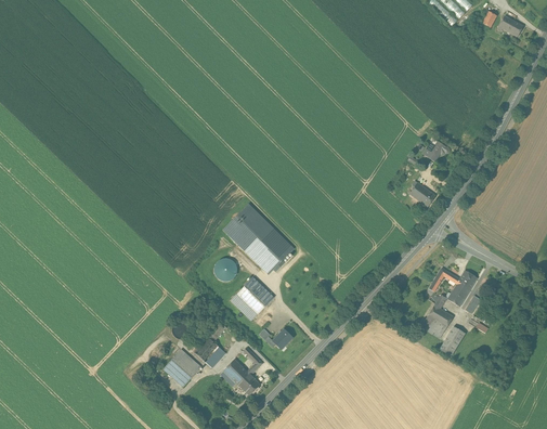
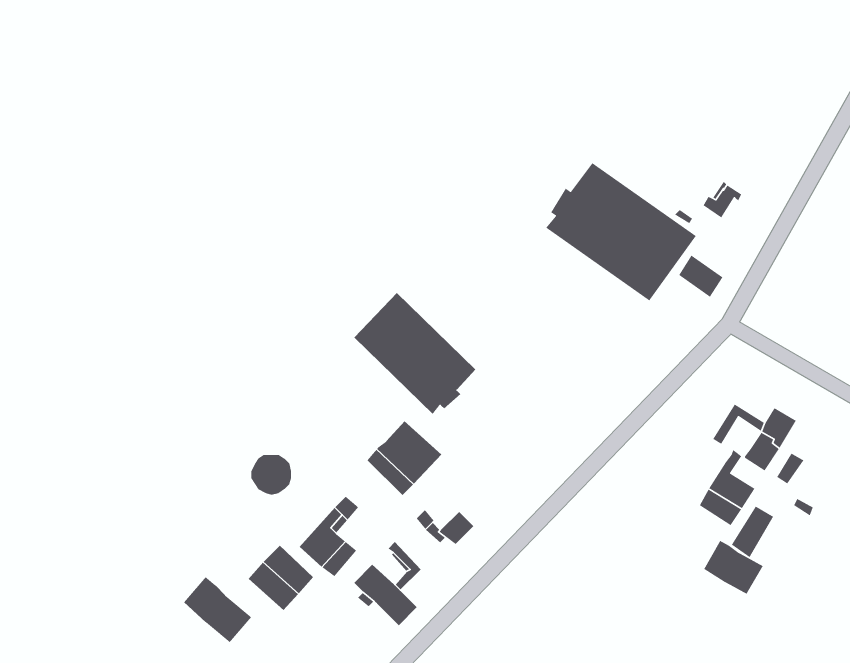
building: none -> [545,162,697,302]
building: [213,258,237,282] -> [250,454,292,496]
building: none -> [703,540,764,595]
building: none -> [183,576,252,643]

